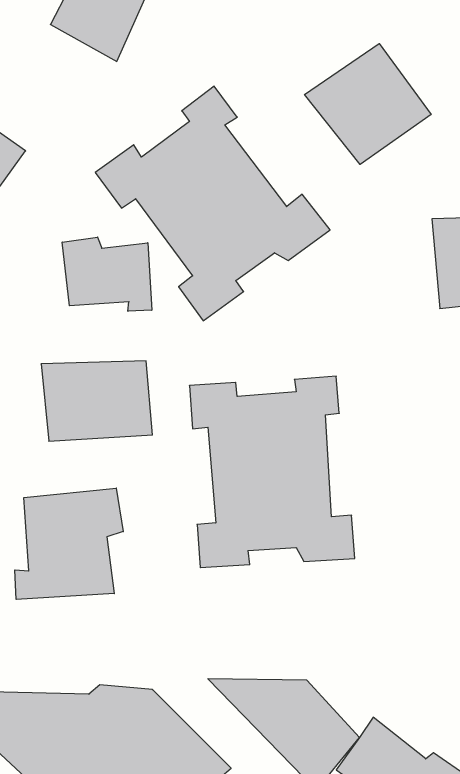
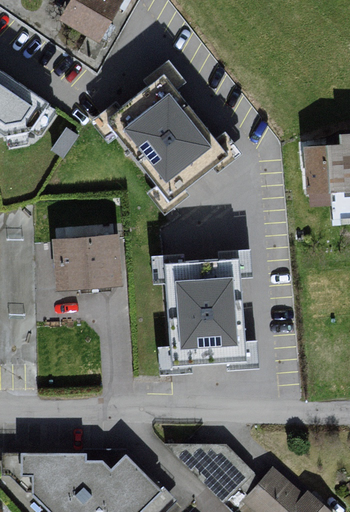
building: [305,44,431,164] -> none
building: [62,237,152,311] -> none
building: [15,488,123,599] -> none

